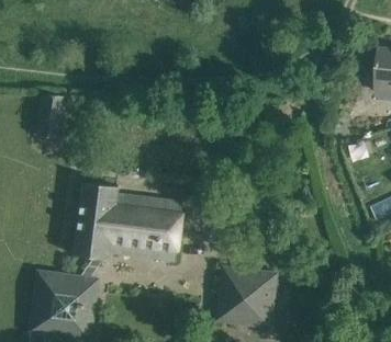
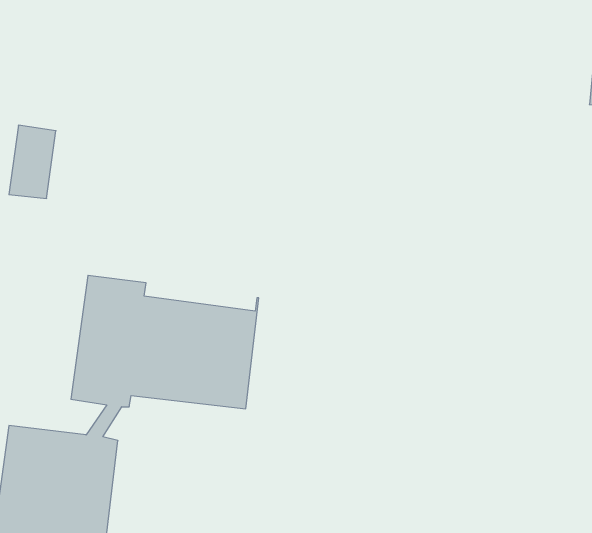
building: [219,265,276,327] -> none

